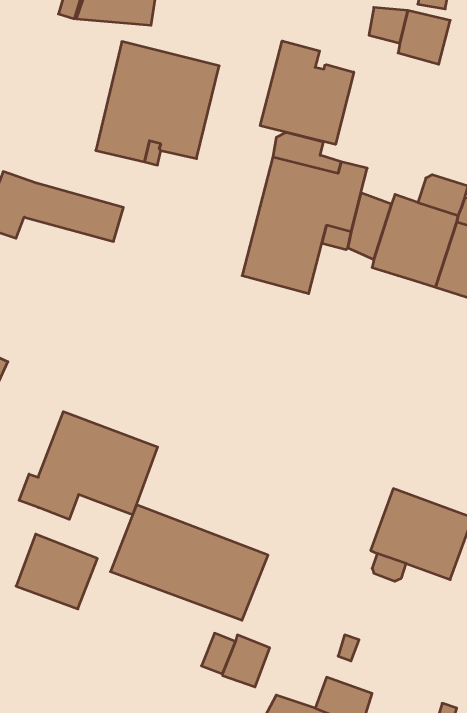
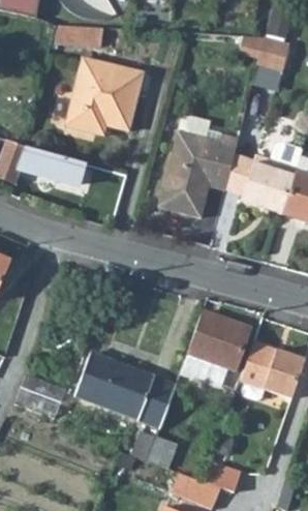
building: [260,41,354,144] -> none
building: [19,412,158,519] -> none
building: none -> [187,310,249,369]

